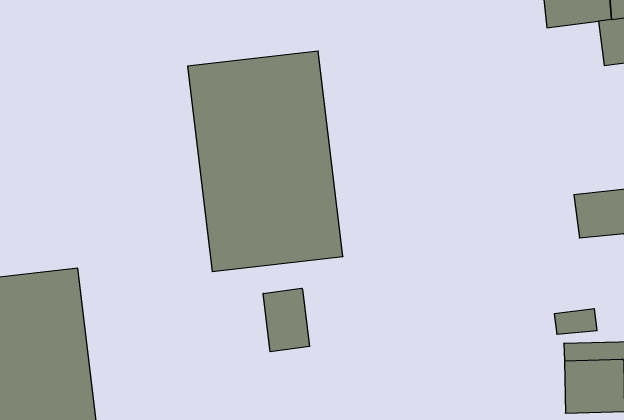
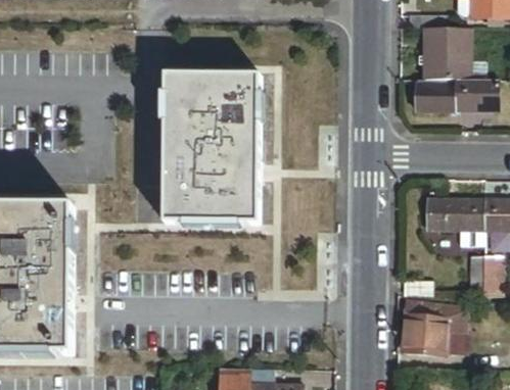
building: none -> [414,80,459,114]
building: [263,288,309,352] -> none

